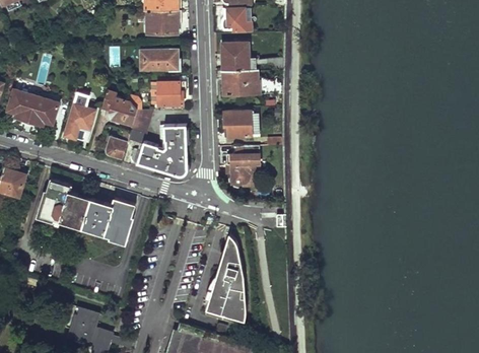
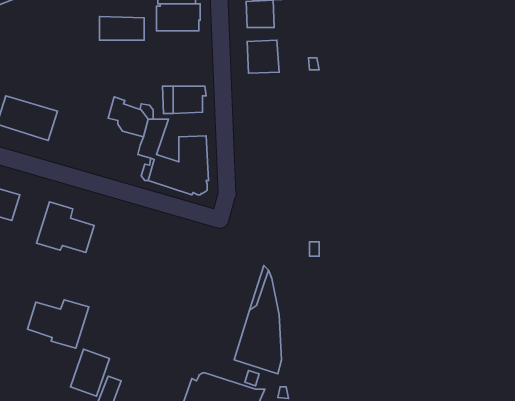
building: [139,50,178,70] -> [100,17,144,40]
building: [222,68,265,94] -> none
building: [63,93,94,141] -> none
building: [223,111,252,136] -> none
building: [106,130,129,158] -> none
building: [225,144,260,187] -> none
building: [82,199,135,240] -> [28,300,89,348]

